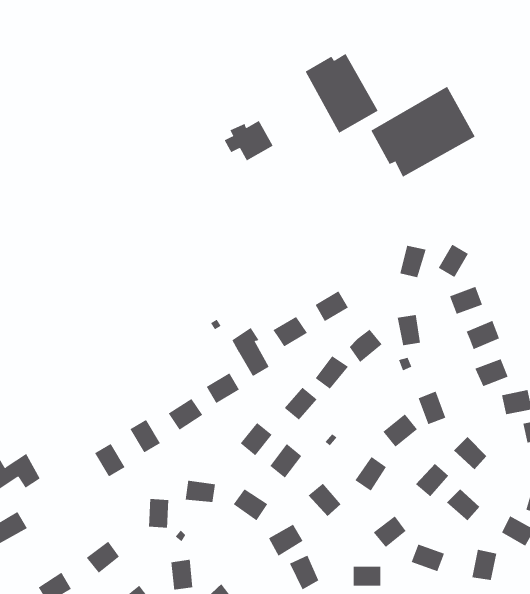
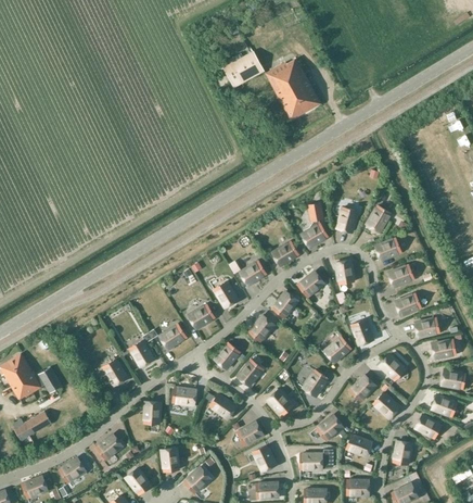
building: [370,86,475,177] -> none
building: [224,120,273,161] -> [225,52,263,84]
building: none -> [302,203,328,247]

